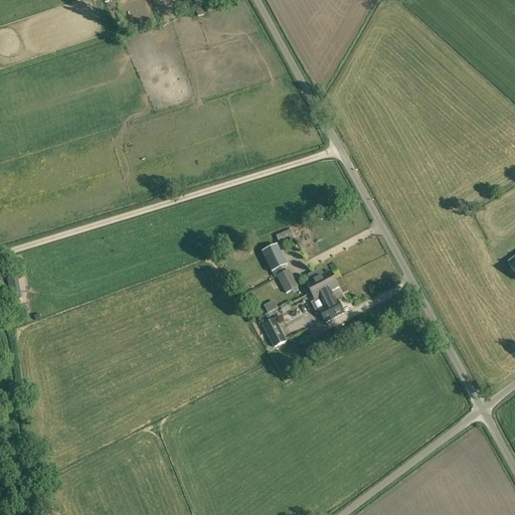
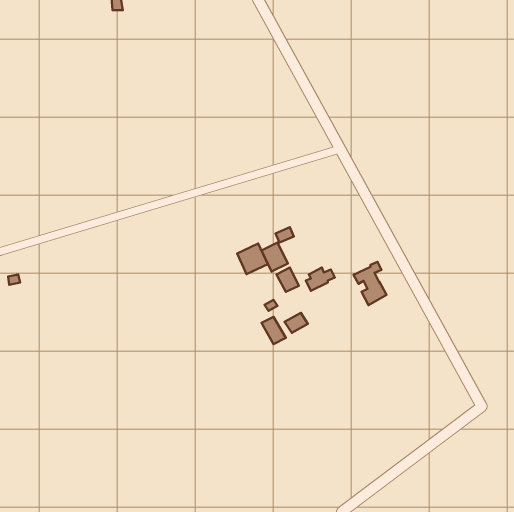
building: none -> [237,243,268,274]
building: [311,278,344,321] -> [353,262,387,305]

